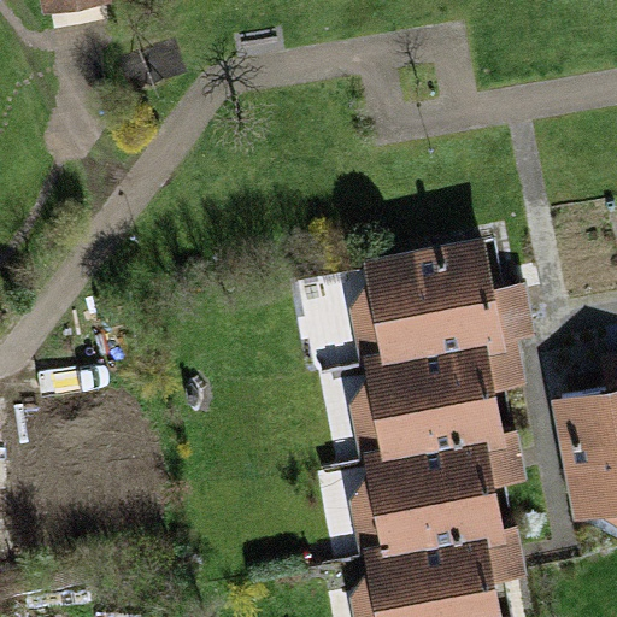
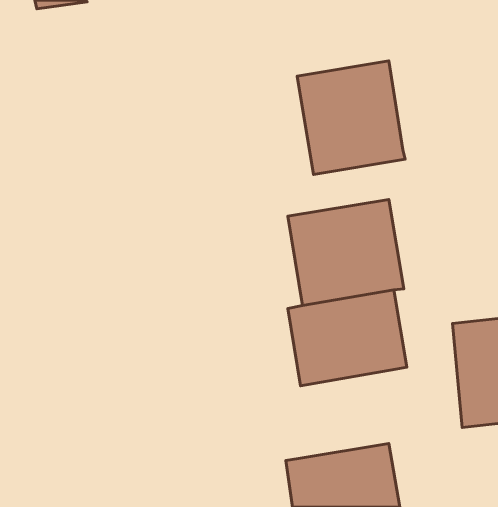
building: none -> [297,61,405,174]
building: [359,448,506,557] -> none

